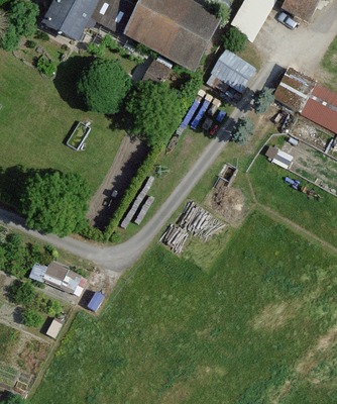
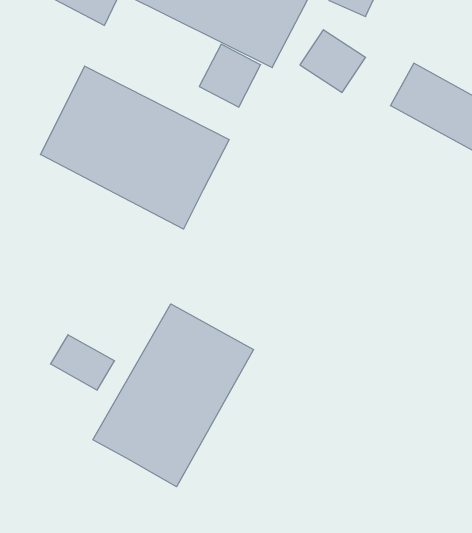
building: none -> [40,66,229,229]
building: none -> [93,304,254,487]

